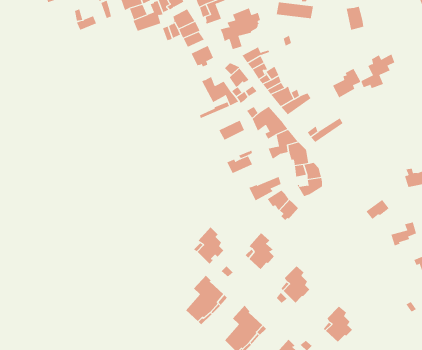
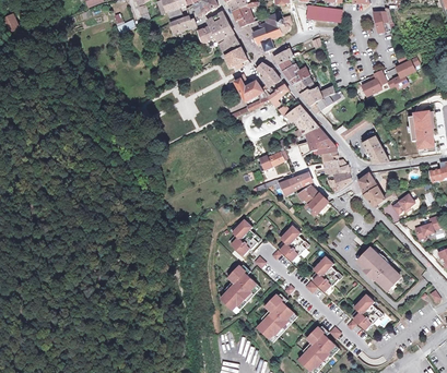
building: none -> [407,109,434,149]
building: none -> [361,134,389,164]
building: none -> [358,172,387,207]
building: none -> [357,248,400,289]

